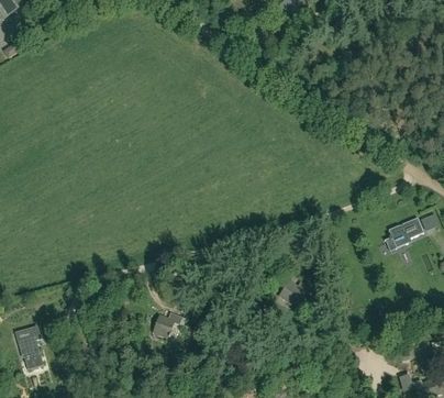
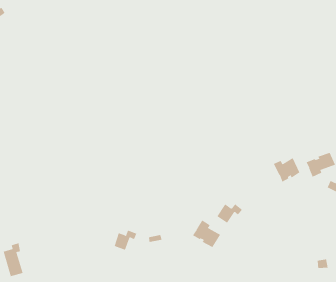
building: none -> [273,157,300,182]
building: none -> [192,219,221,248]

